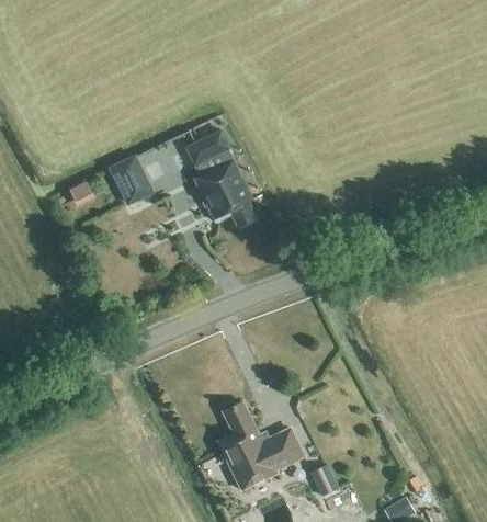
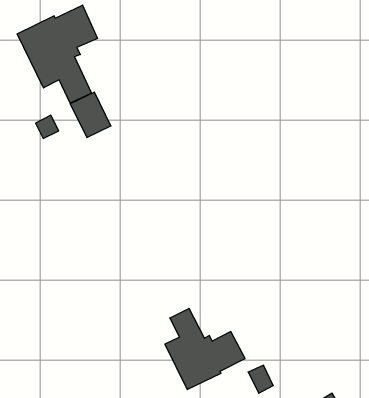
building: none -> [17,5,98,103]
building: [185,129,256,228] -> none

